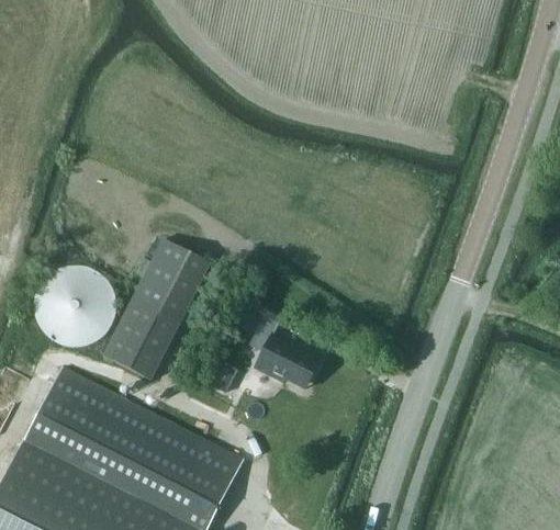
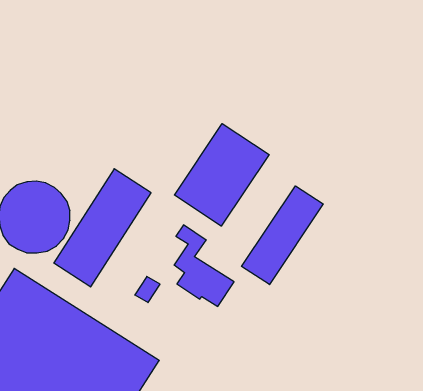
building: none -> [174,124,269,226]
building: none -> [242,186,323,285]

